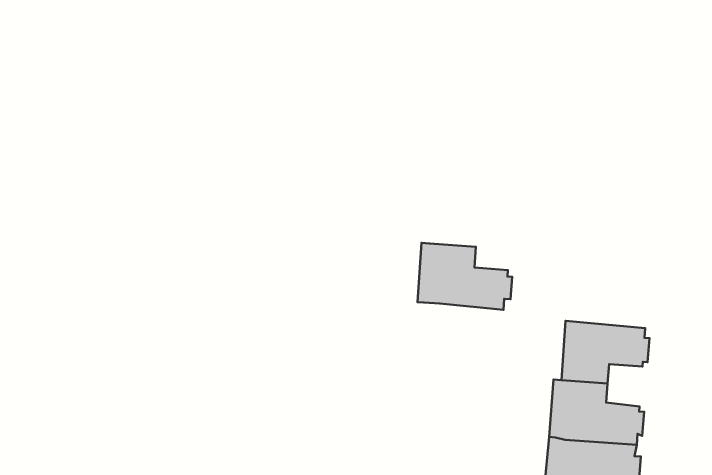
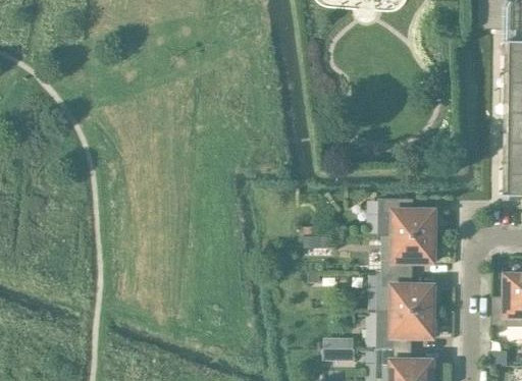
building: [417,243,512,310] -> [379,198,438,236]

